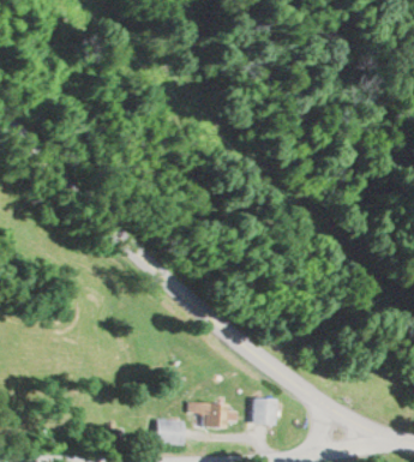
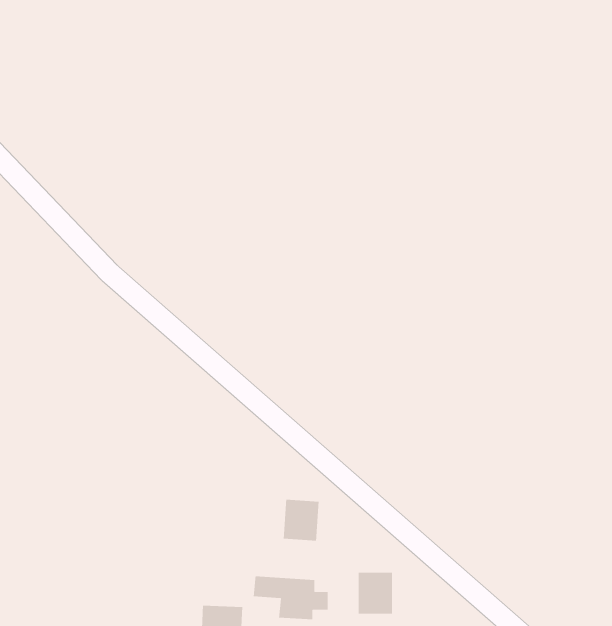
building: none -> [283,499,320,542]

